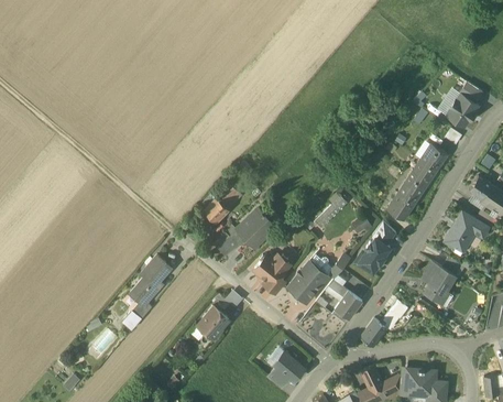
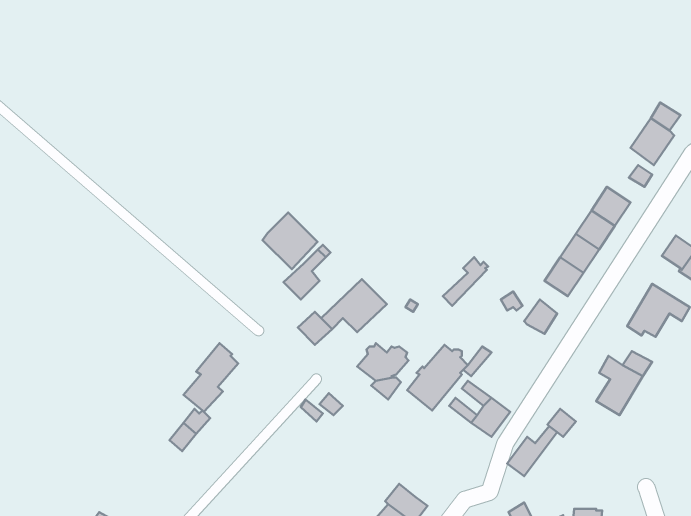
building: none -> [263,213,318,269]
building: [359,240,390,273] -> none
building: [197,306,229,337] -> none

